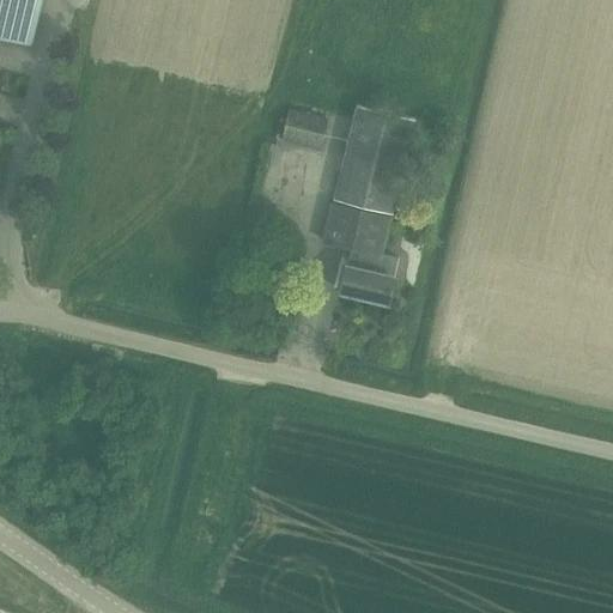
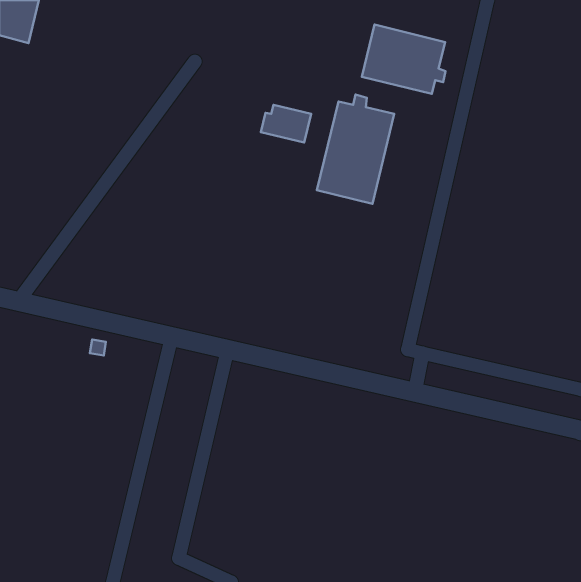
building: none -> [362,25,445,94]
building: [321,202,397,304] -> none

